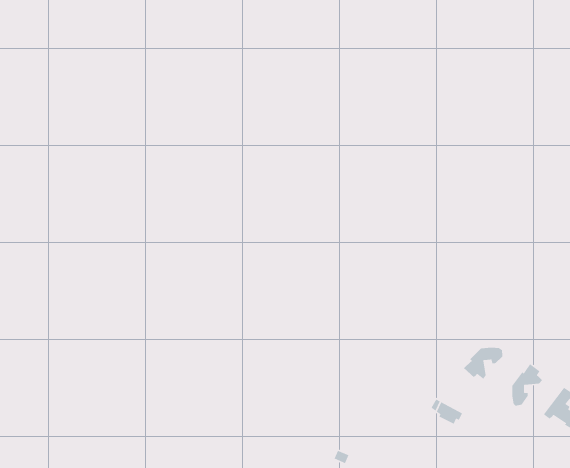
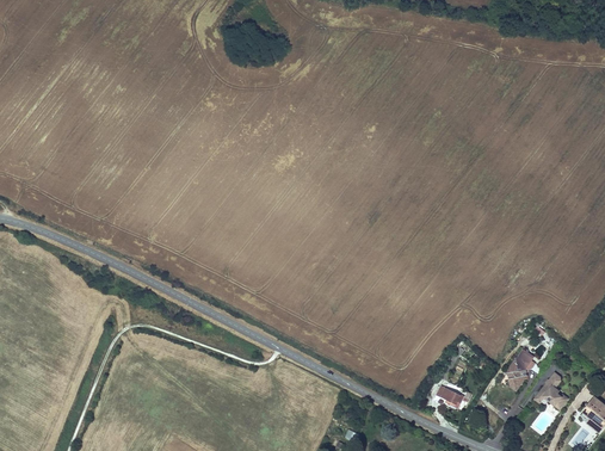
building: [463,347,503,380] -> none

